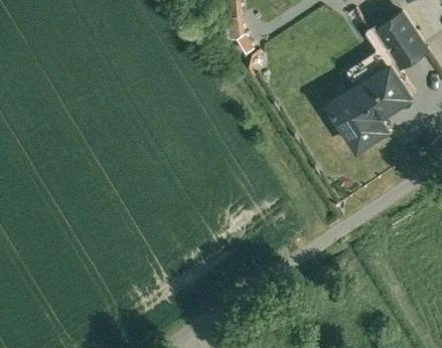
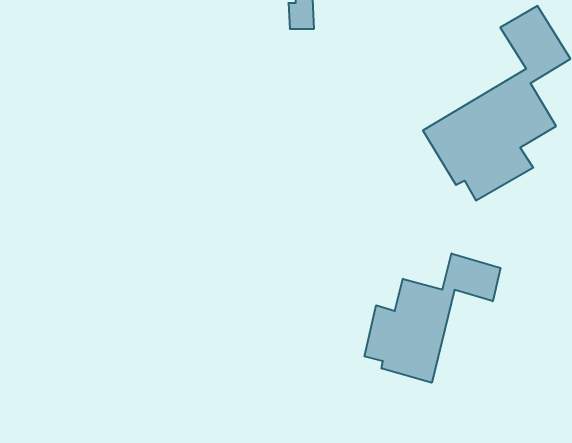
building: none -> [365,253,500,383]

